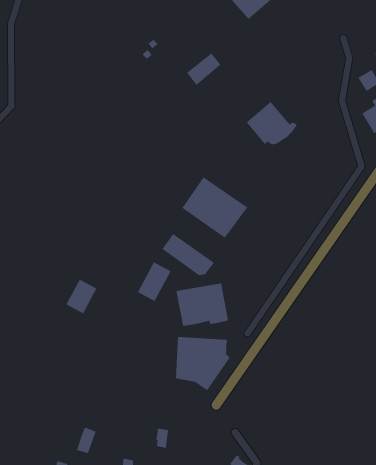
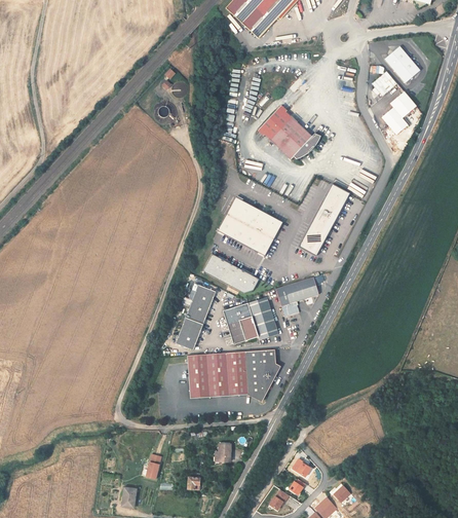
building: [186,53,221,86] -> [258,104,291,138]
building: none -> [296,182,348,254]
building: none -> [274,276,317,316]
building: [66,279,97,314] -> [174,316,202,349]
building: none -> [187,354,231,397]

